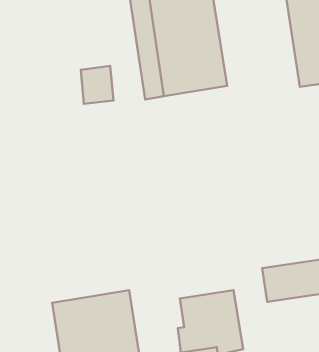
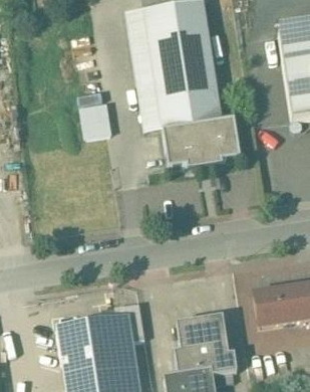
building: none -> [162,117,240,168]

